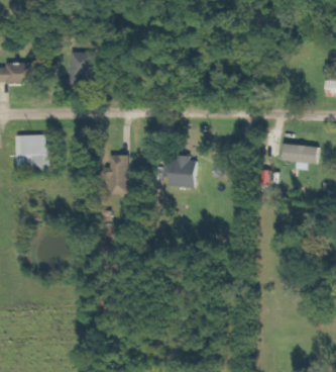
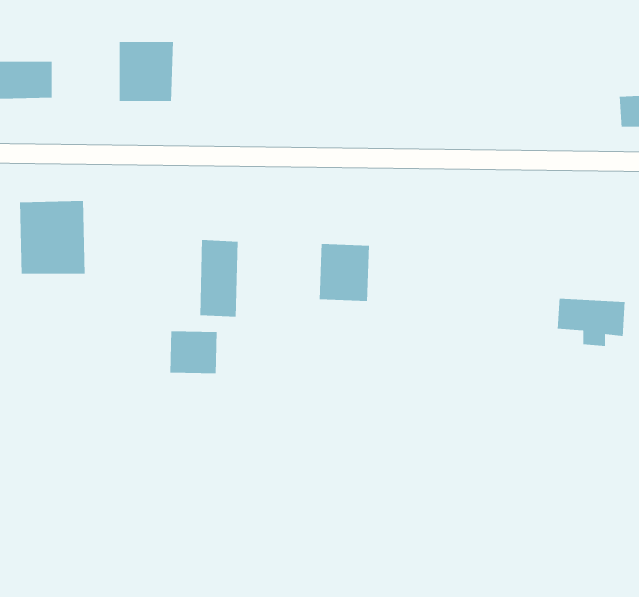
building: [281,144,316,169] -> [557,298,626,347]
building: none -> [169,330,218,374]

